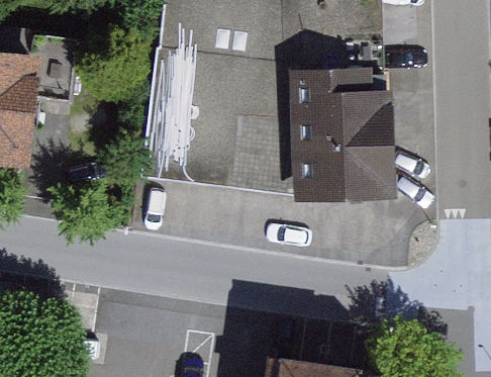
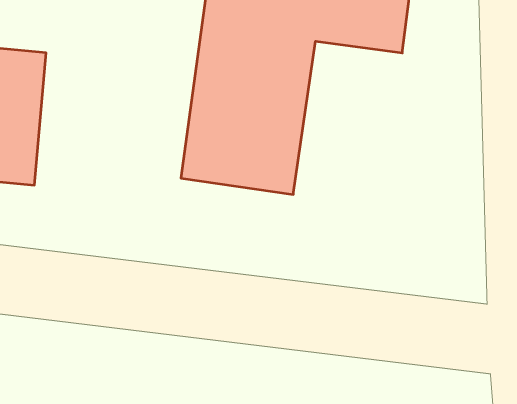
building: [302,75,393,199] -> none

